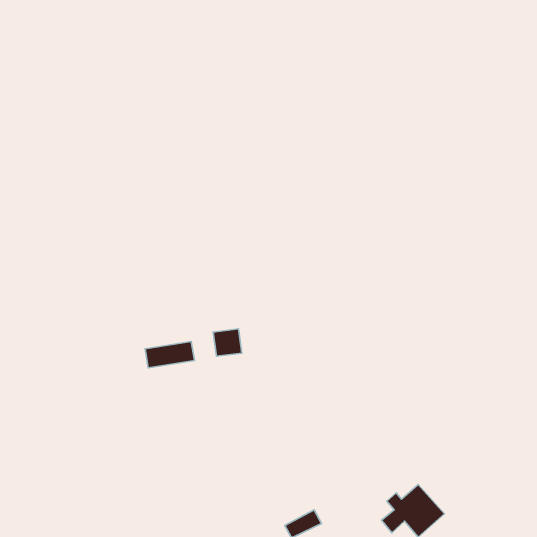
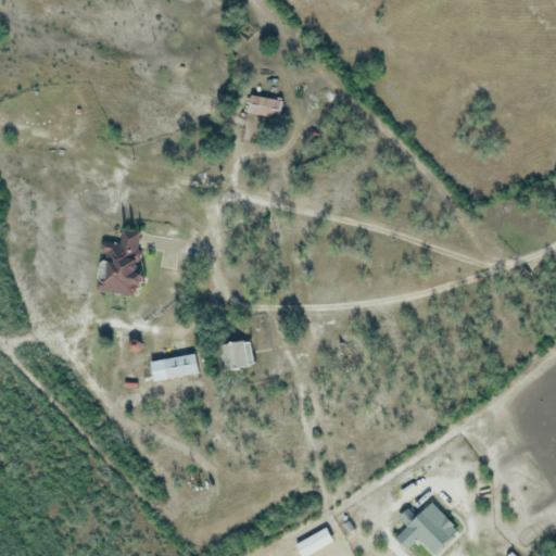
building: none -> [247,93,285,117]
building: none -> [99,230,146,295]

